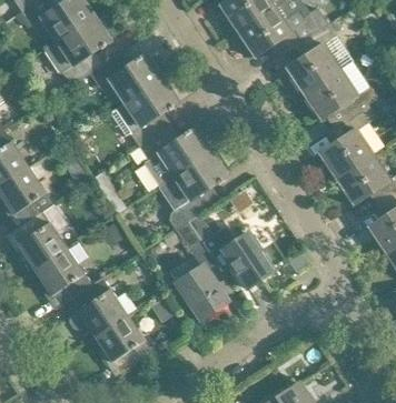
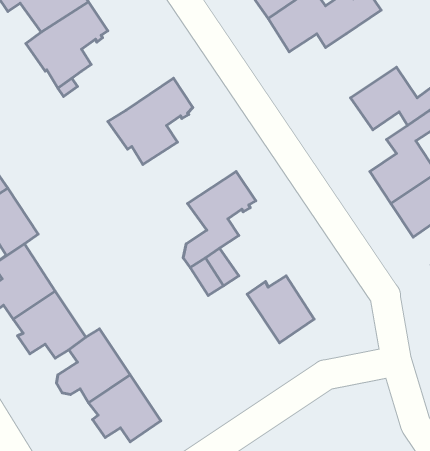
building: [287,23,340,93] -> none
building: [89,53,162,103] -> none
building: [138,128,212,187] -> none
building: [177,263,229,319] -> none

